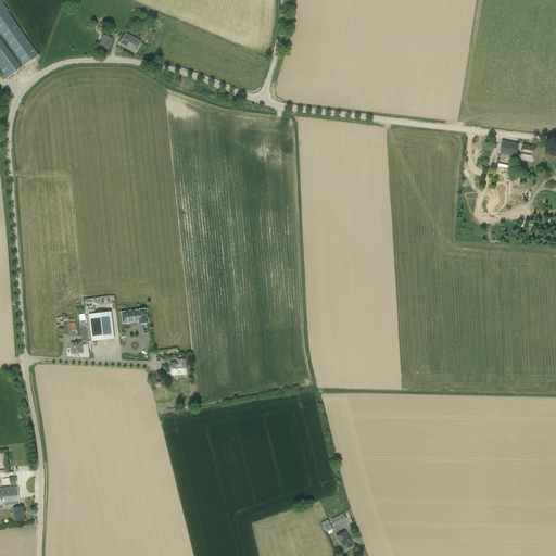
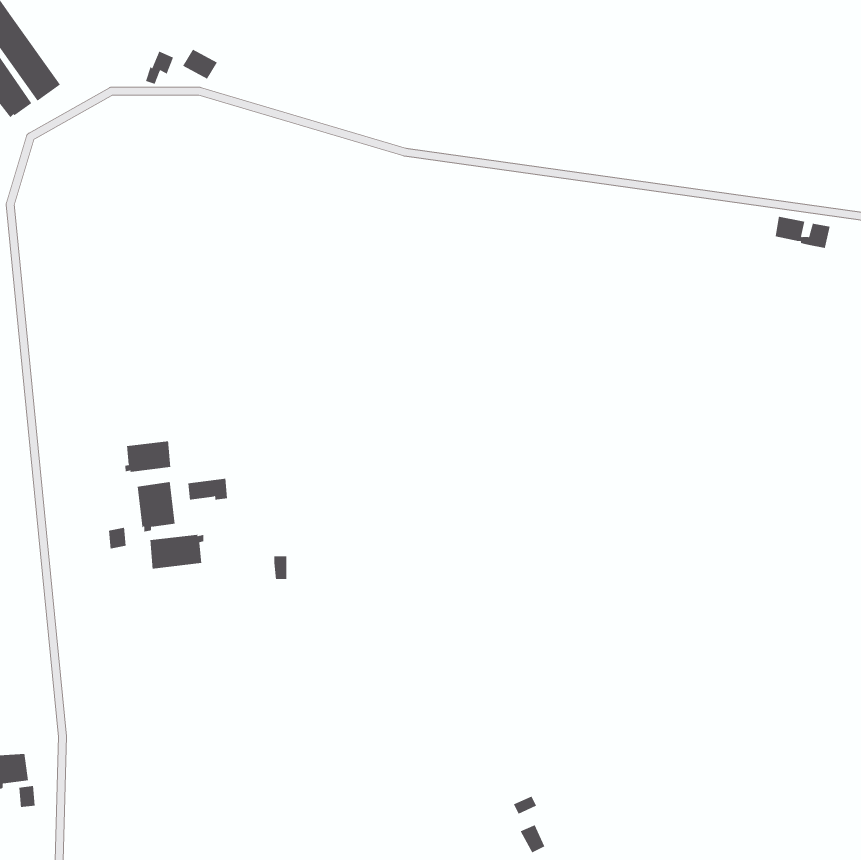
building: none -> [125,441,171,473]
building: none -> [150,534,204,570]

